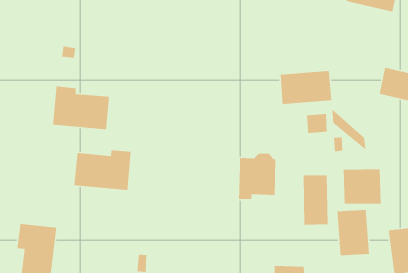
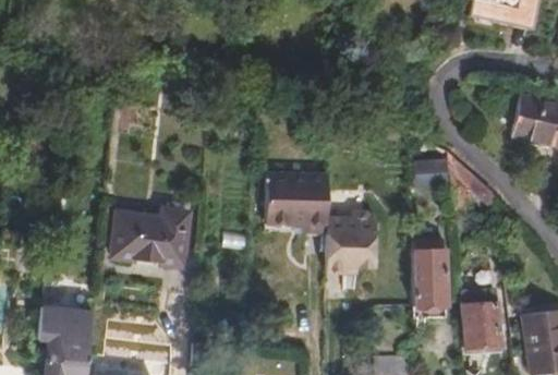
building: [280,70,332,105] -> none
building: [52,86,110,130] -> none
building: none -> [268,171,331,232]
building: [343,168,381,205] -> none

